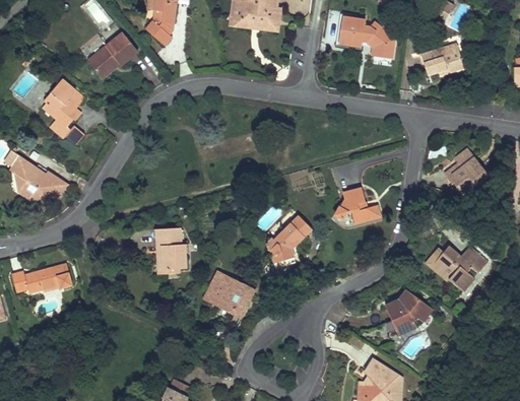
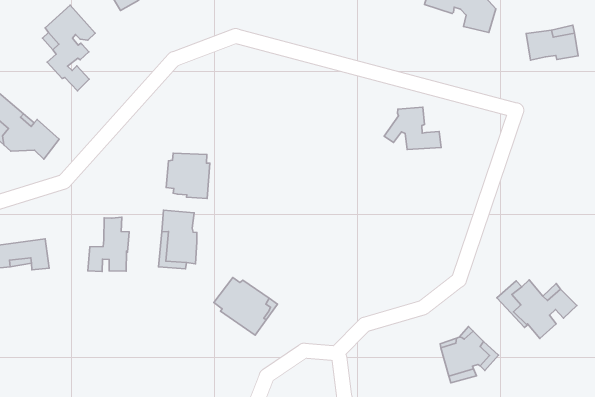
building: [442,148,486,193] -> none
building: none -> [166,153,210,198]
building: [334,187,380,221] -> [384,107,441,149]
building: [266,215,311,262] -> none
building: none -> [88,217,129,271]

